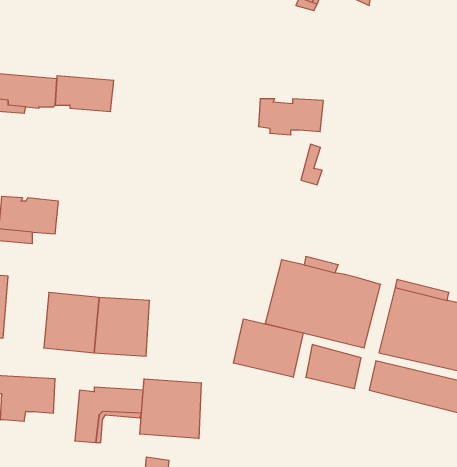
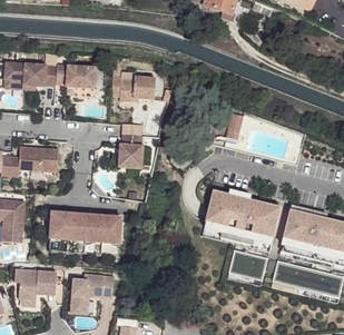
building: [258,99,323,135] -> [112,76,157,100]
building: none -> [119,134,144,168]
building: [234,319,303,377] -> none
building: [140,379,201,439] -> none

